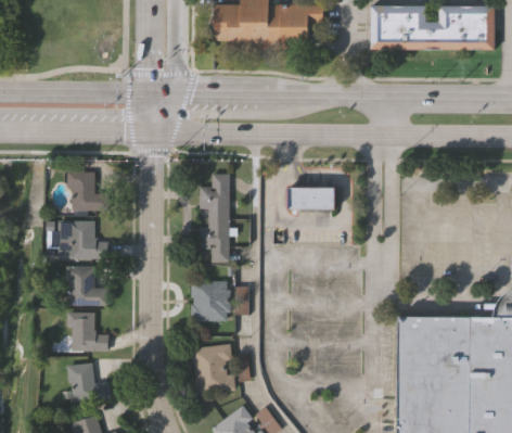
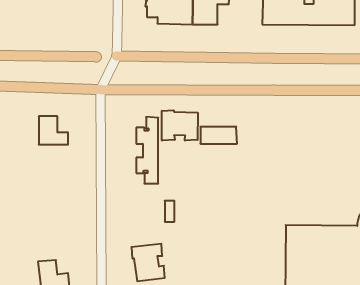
building: none -> [162,110,198,141]
building: [60,221,95,257] -> none
building: [67,266,107,305] -> none
building: [193,278,232,319] -> none
building: [67,311,107,351] -> none

